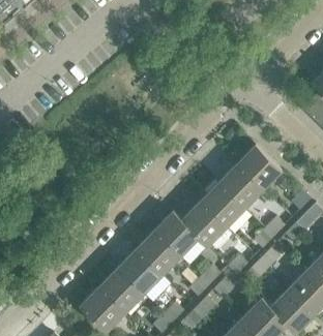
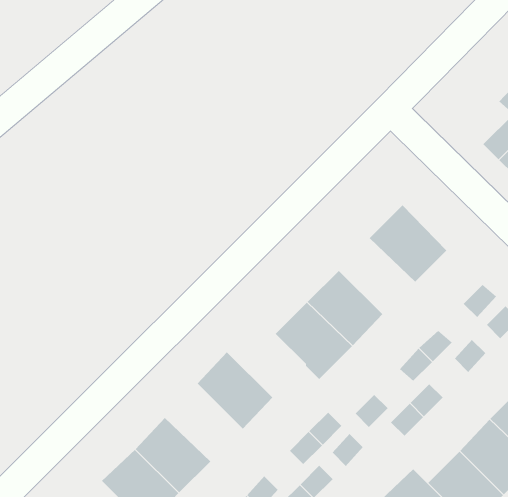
building: [218,164,263,209] -> none
building: [153,212,199,257] -> none
building: [117,249,163,295] -> none

